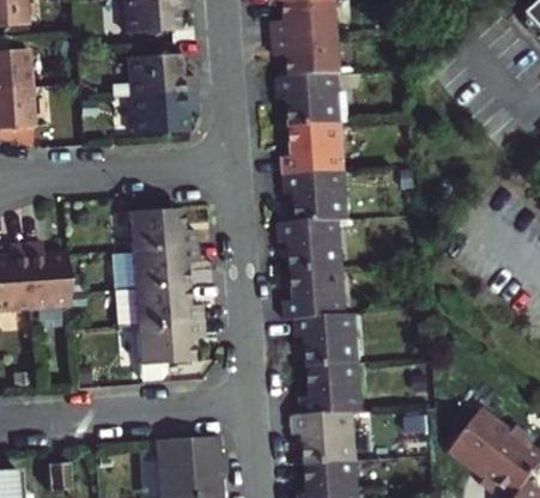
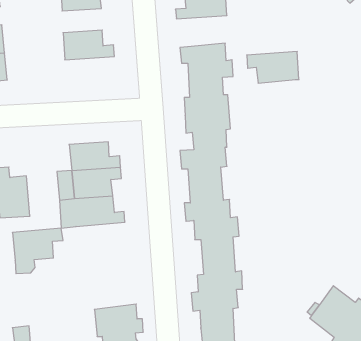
building: [271,36,342,79] -> [247,52,299,83]
building: [117,92,186,134] -> none
building: [133,320,202,382] -> [12,228,63,274]

